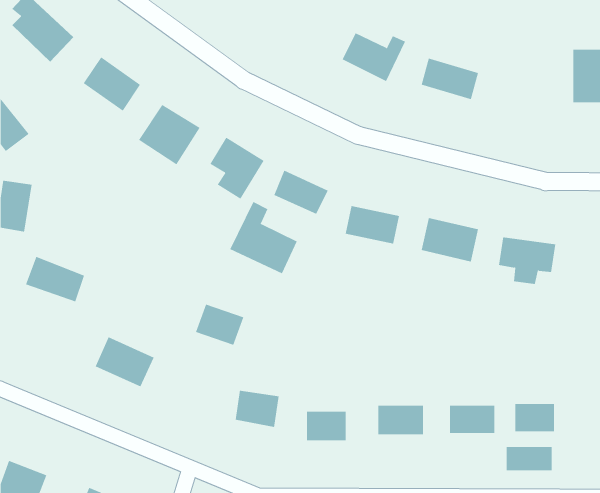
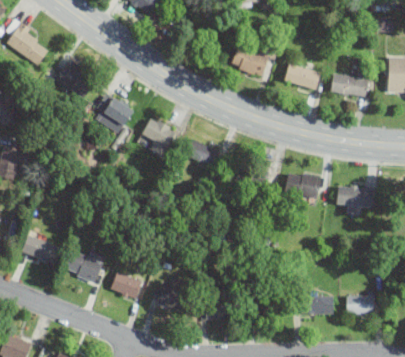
building: none -> [329,70,369,99]
building: [230,201,297,274] -> none
building: [25,256,85,302] -> [21,234,61,265]
building: [195,304,244,346] -> [110,272,143,300]
building: [506,446,552,471] -> none

